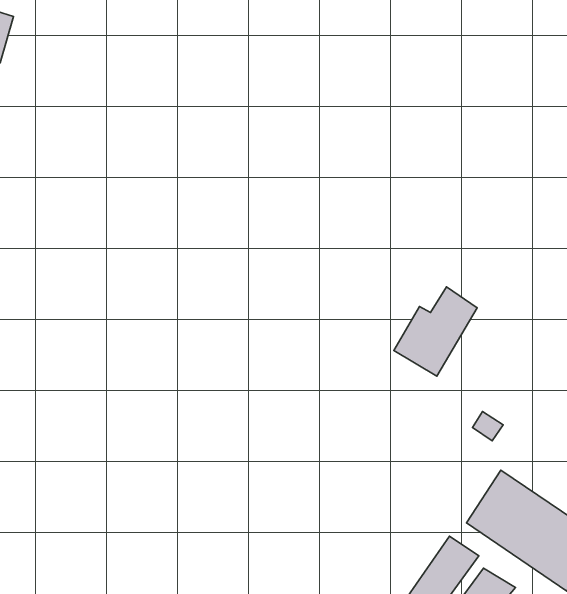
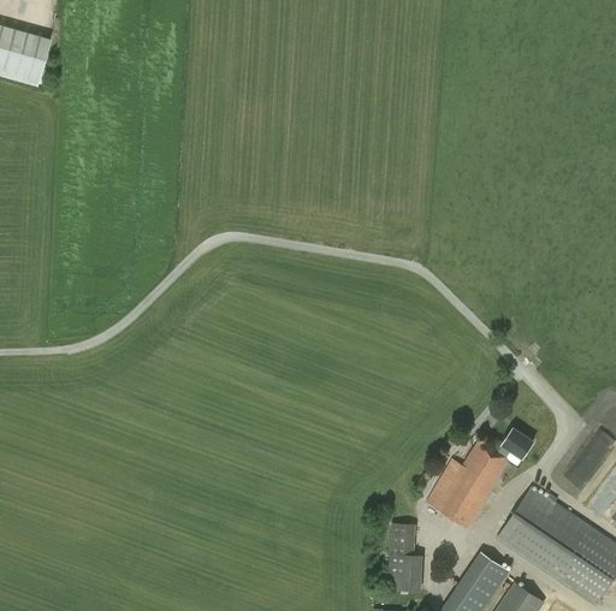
building: [394,287,477,376] -> [426,440,508,528]
building: none -> [390,522,422,591]

